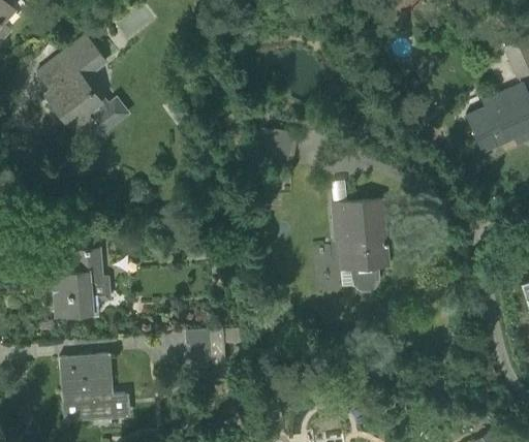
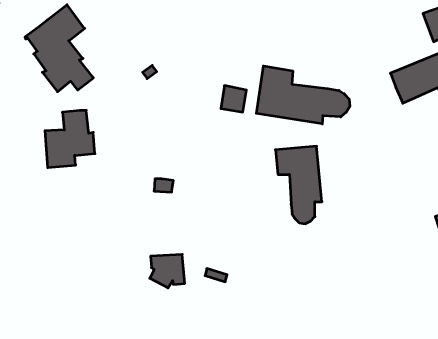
building: none -> [256,66,350,124]
building: [52,249,111,316] -> [45,110,95,168]
building: [59,354,127,420] -> none

